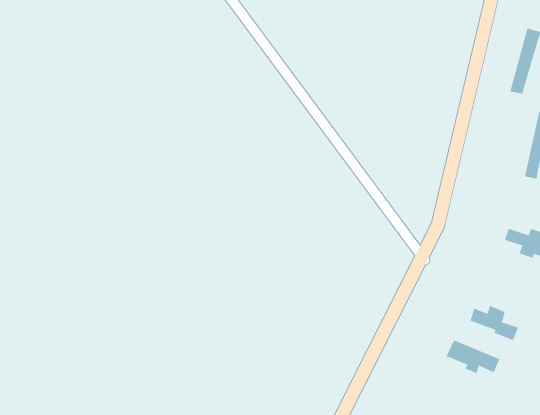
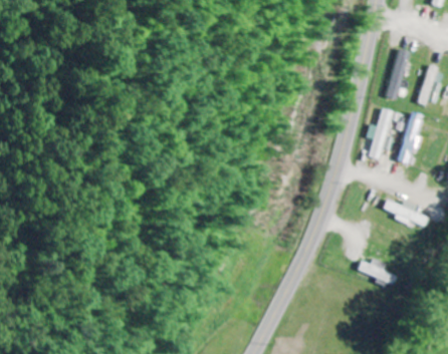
building: none -> [367,108,393,159]
building: [446,340,500,374] -> none

